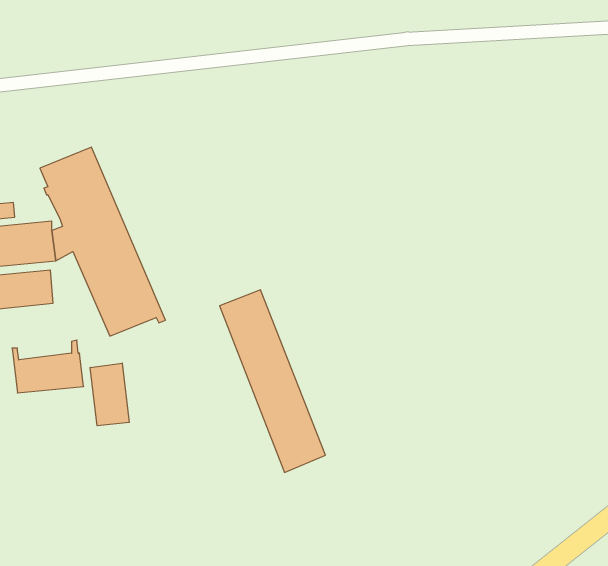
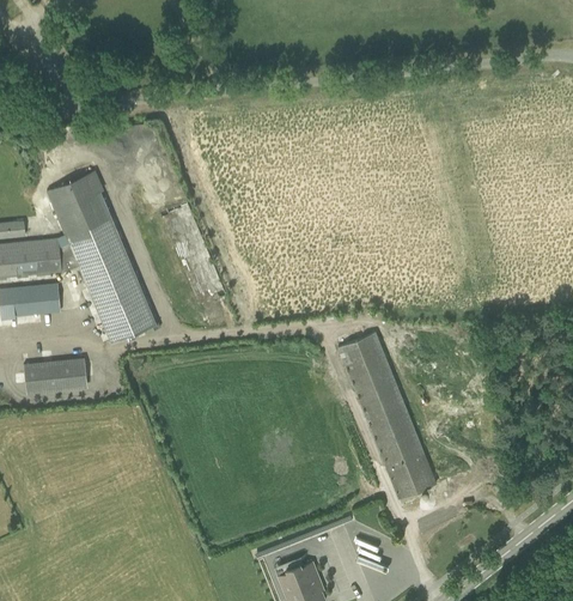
building: [220,290,325,472] -> [339,333,434,498]
building: [90,363,129,426] -> none

